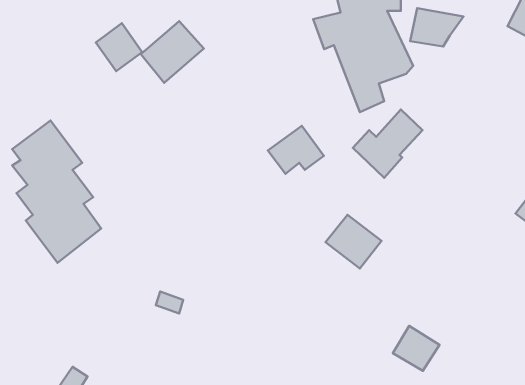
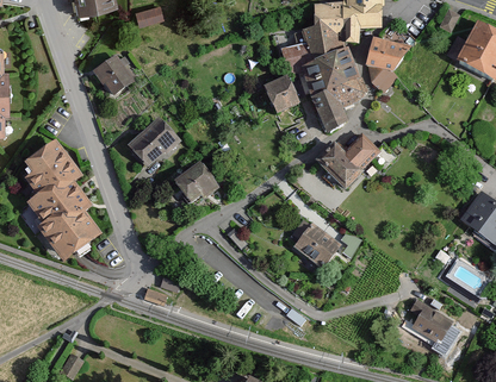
building: [141,21,204,83] -> [128,117,182,170]
building: none -> [262,77,299,115]
building: [268,126,324,174] -> [172,162,221,203]
building: [393,326,439,371] -> [411,305,452,344]

